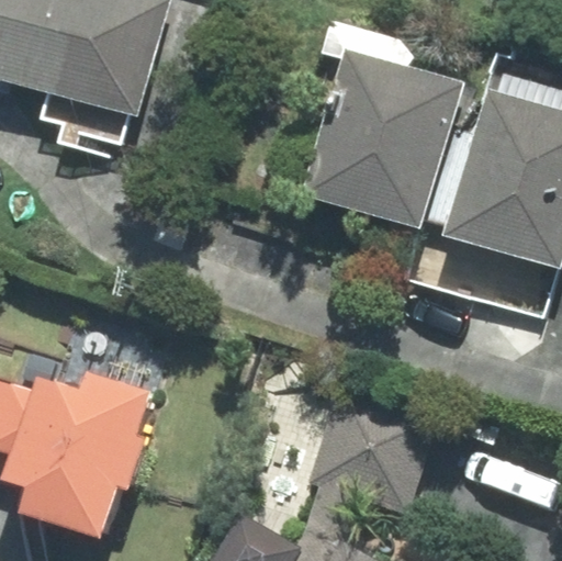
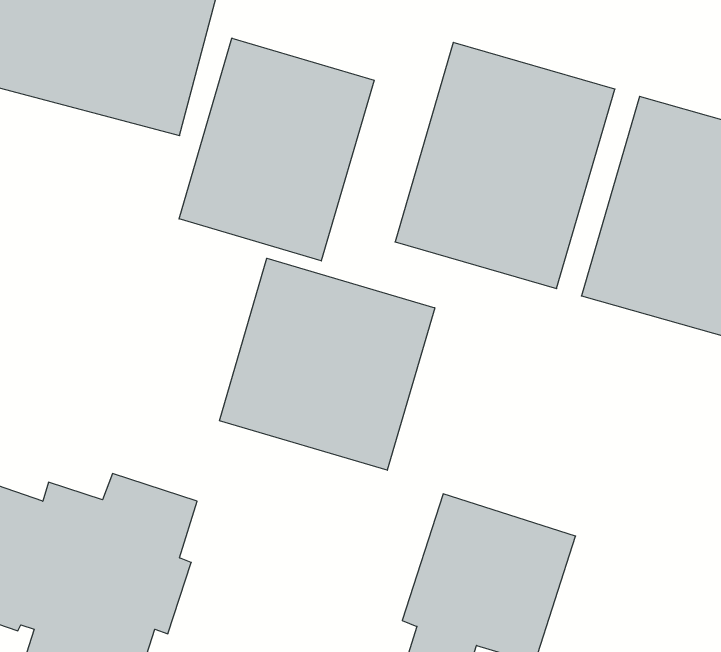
building: none -> [179,38,374,261]
building: none -> [219,258,435,470]

